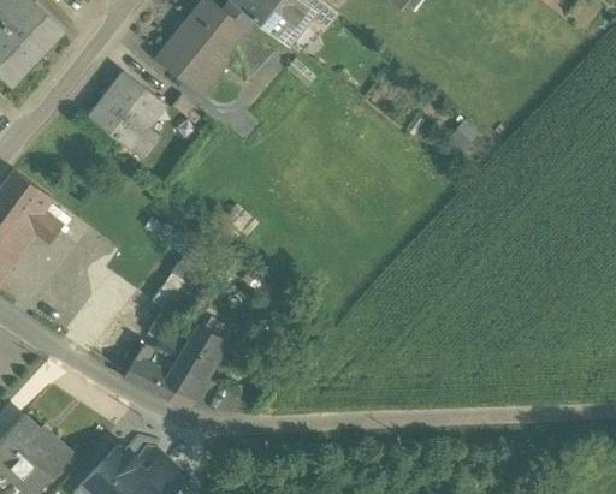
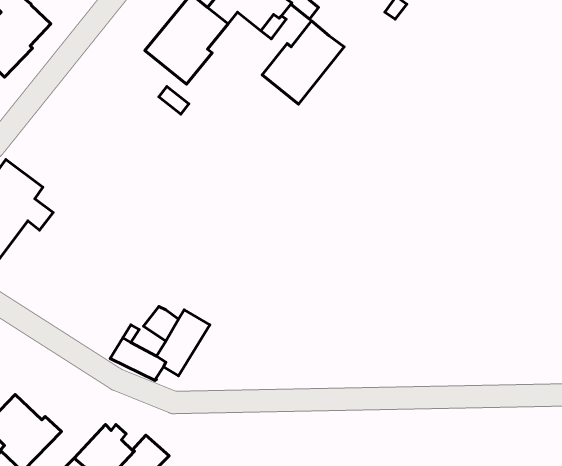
building: none -> [262,21,344,104]
building: [89,71,164,148] -> none

